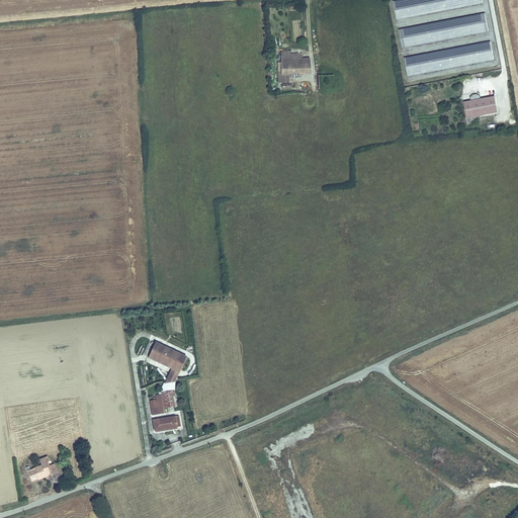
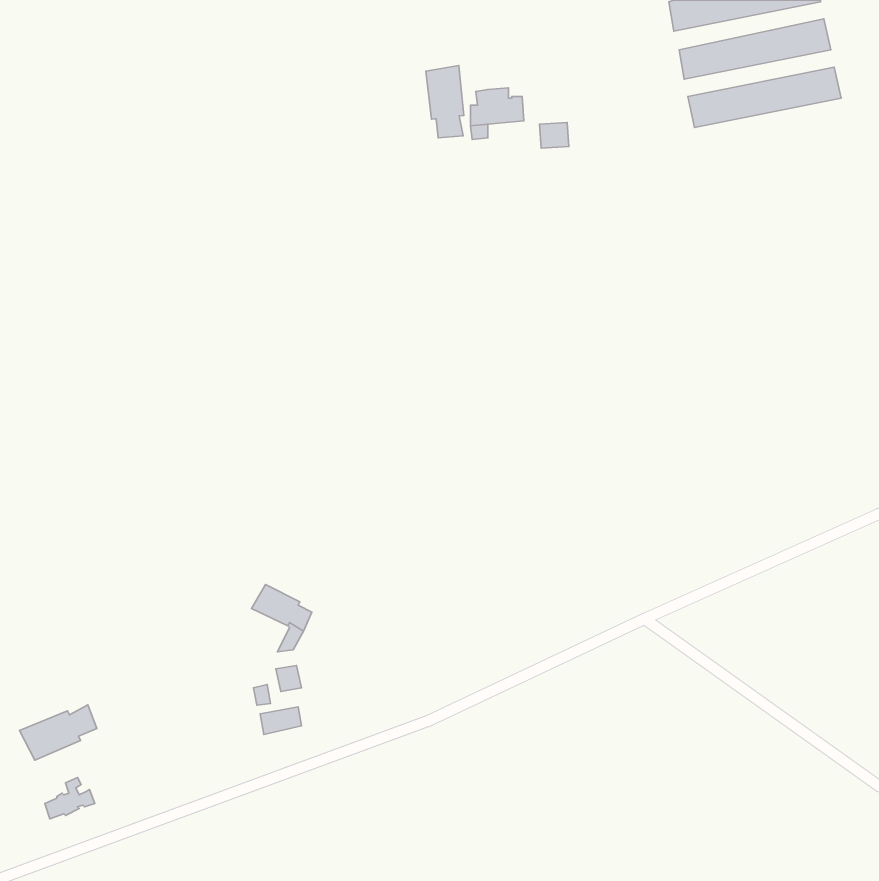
building: none -> [426,66,464,138]
building: [463,95,497,119] -> none
building: none -> [20,705,97,760]

